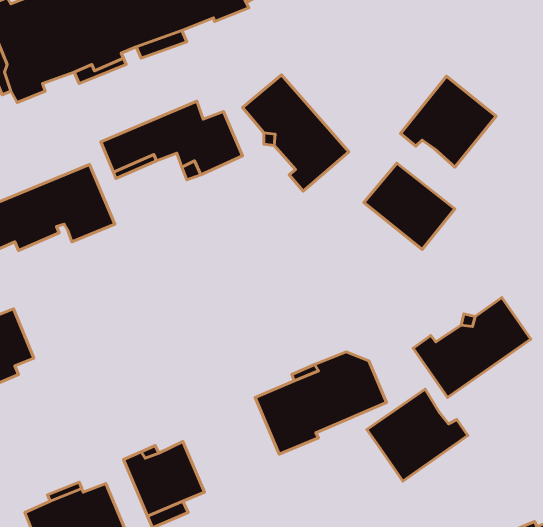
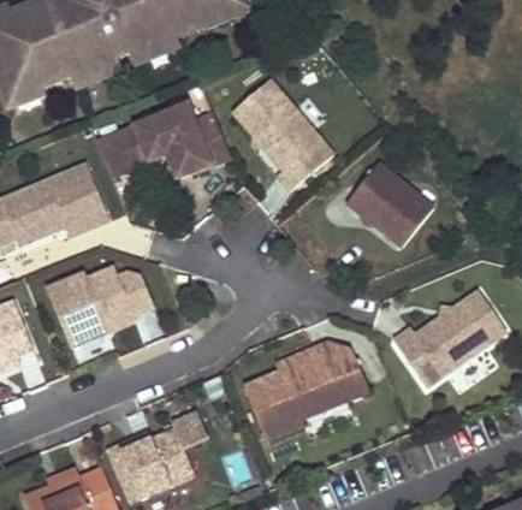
building: [400,76,496,167] -> none
building: none -> [47,266,152,345]
building: [367,389,468,481] -> none

